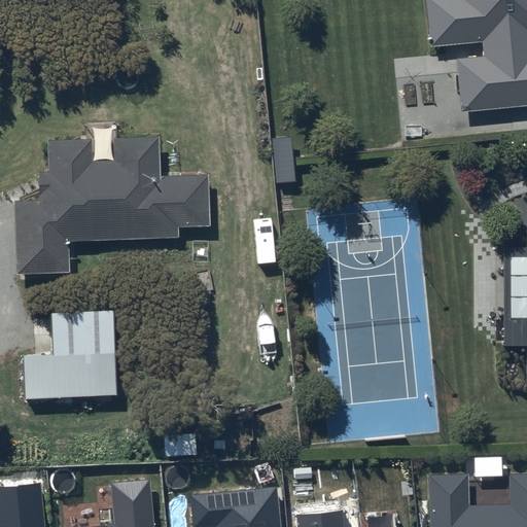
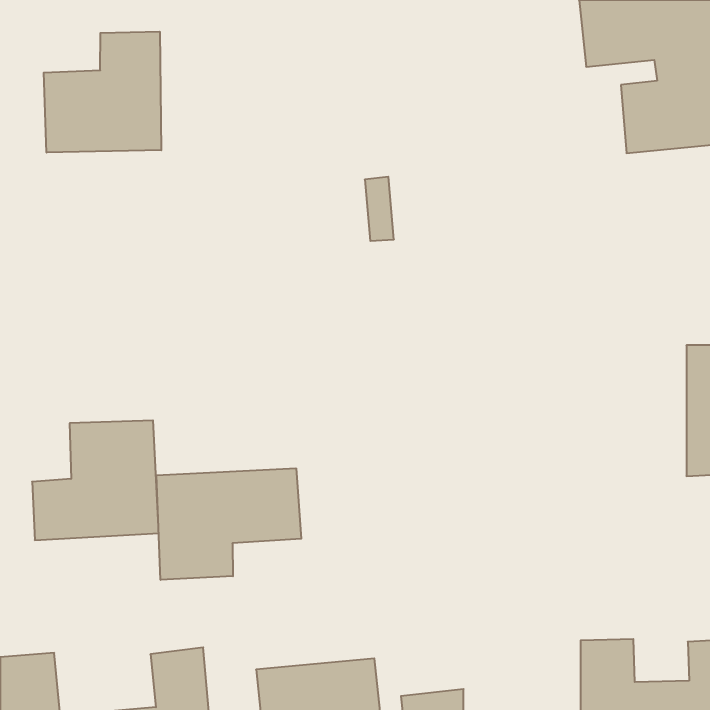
building: none -> [44,32,161,153]
building: [13,135,207,270] -> none
building: none -> [156,468,301,580]

